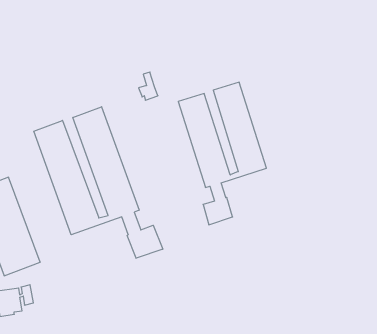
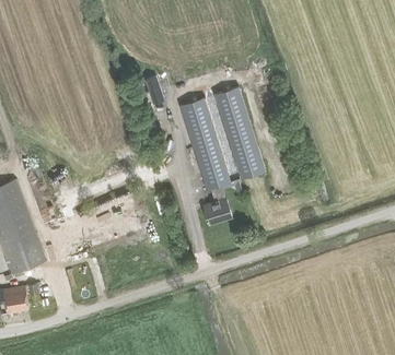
building: [34,107,163,258] -> none

